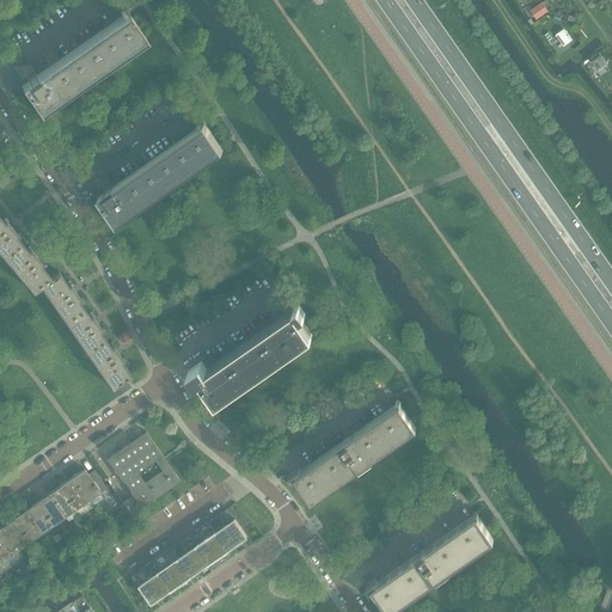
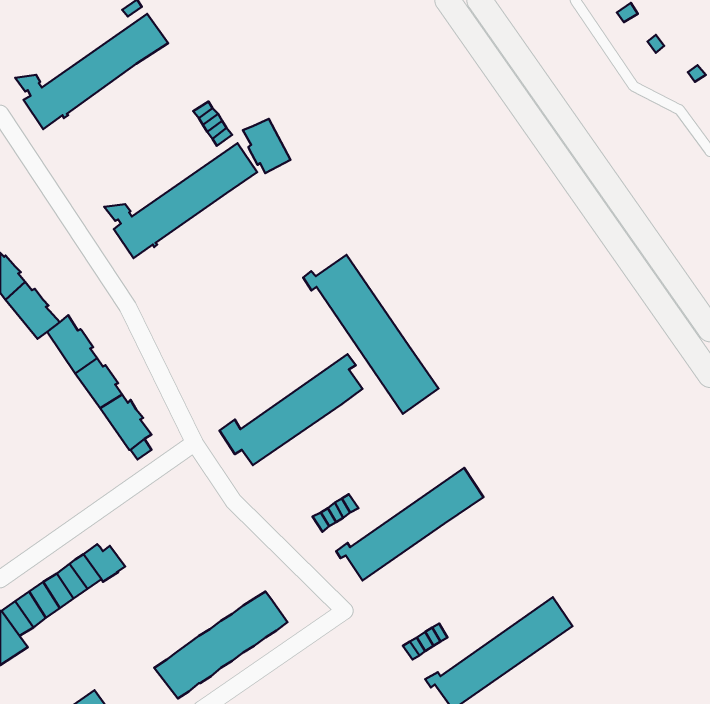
building: none -> [243,119,291,173]
building: none -> [303,255,439,414]
building: [106,436,179,513] -> none

